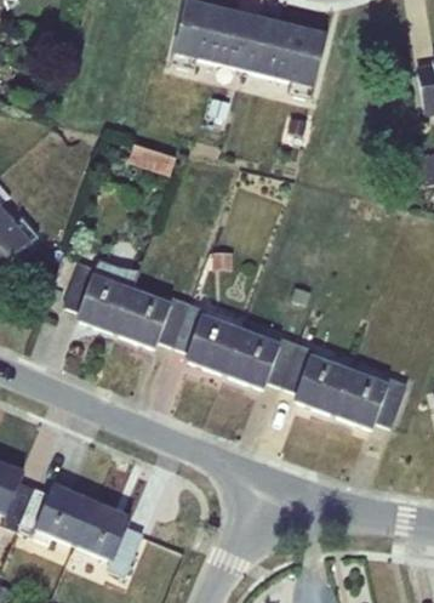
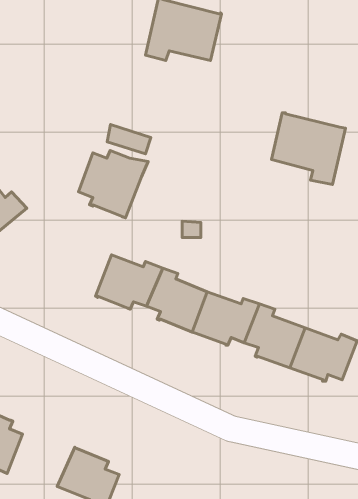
building: [244,17,326,97] -> [271,113,345,185]
building: [63,257,141,332] -> [79,151,148,218]
building: [17,484,92,545] -> none

